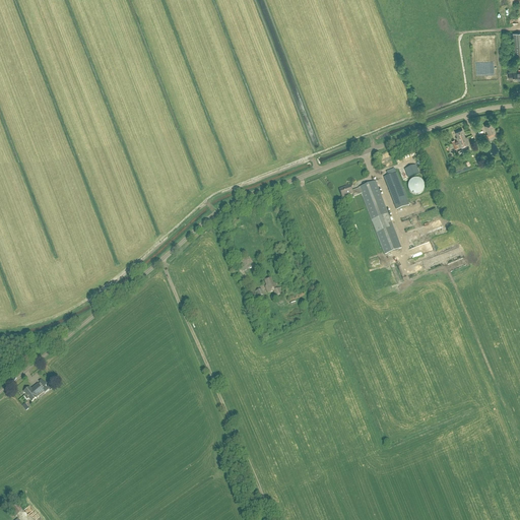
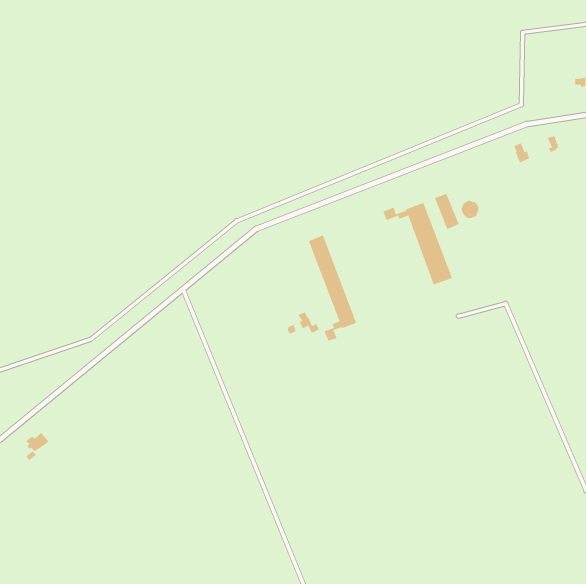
building: none -> [308,235,357,342]

